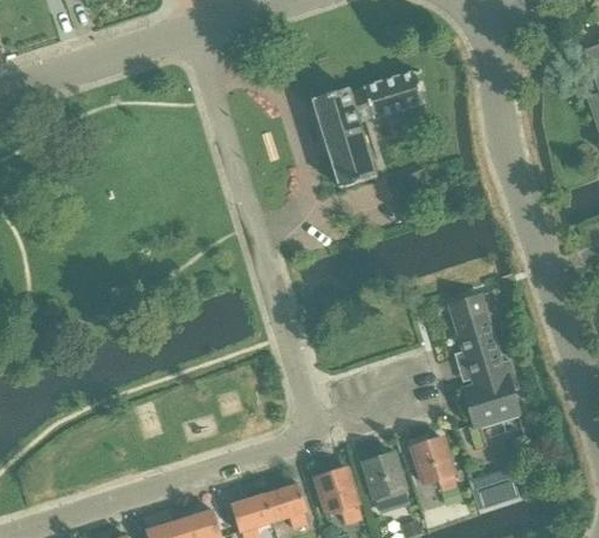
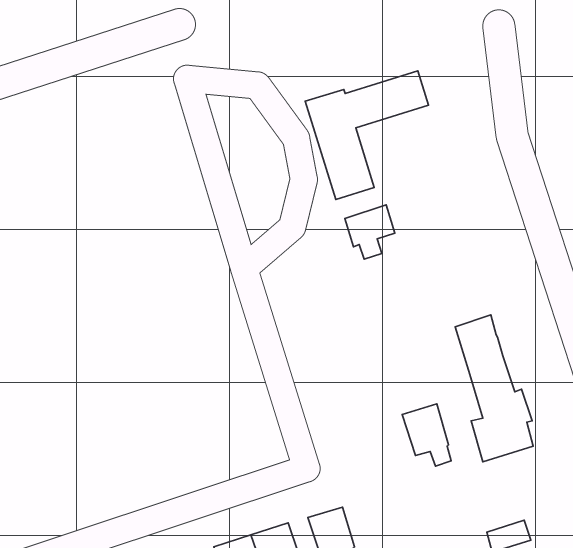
building: none -> [345,205,395,259]
building: [412,436,456,492] -> [402,404,451,466]
building: [364,452,406,497] -> none

